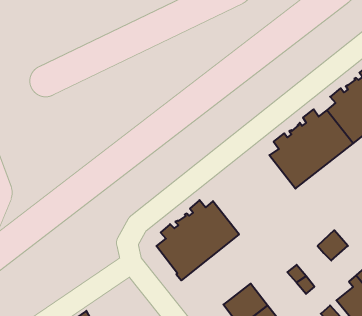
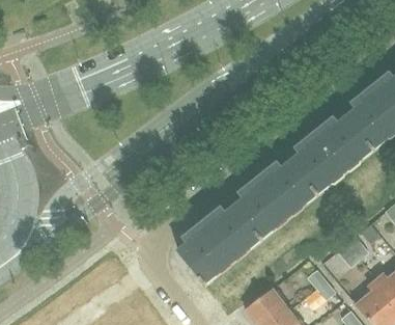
building: none -> [234,161,316,240]

